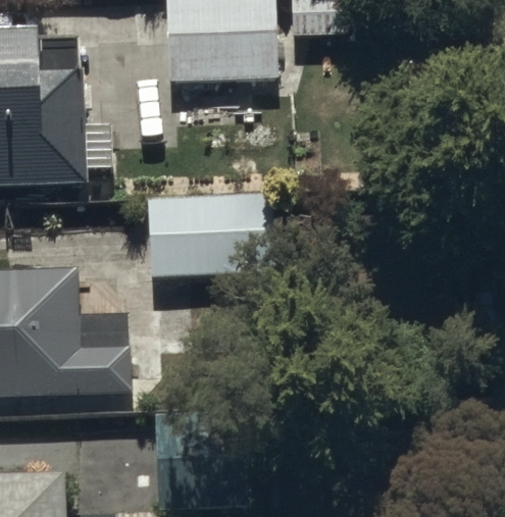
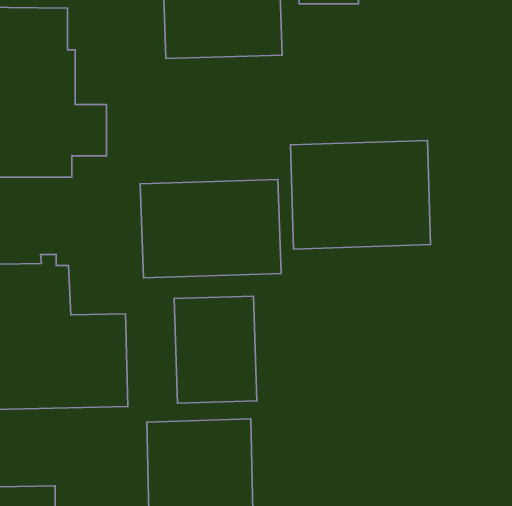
building: none -> [290,140,430,249]
building: none -> [174,296,257,403]

